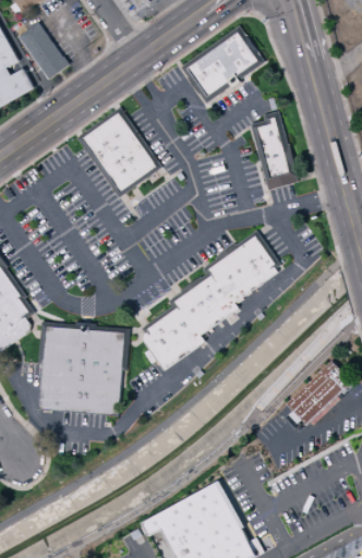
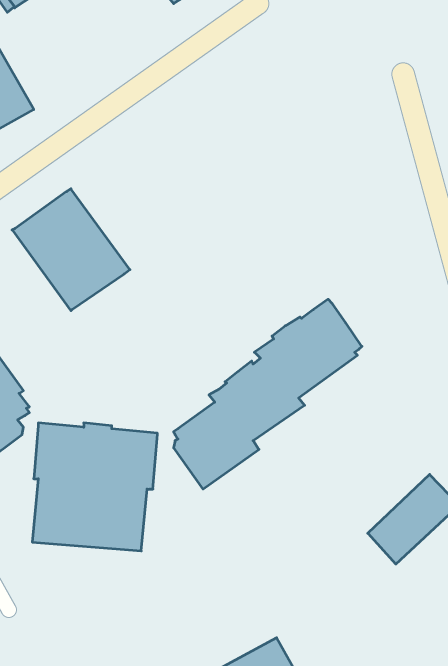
building: [19,23,70,80] -> none
building: [182,26,267,105] -> none
building: [77,108,165,198] -> [12,189,130,311]
building: [251,111,300,191] -> none

